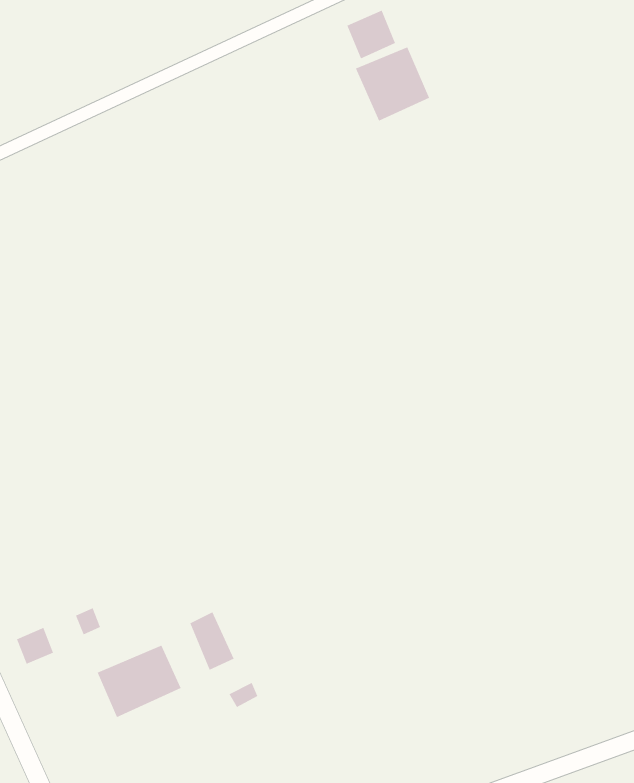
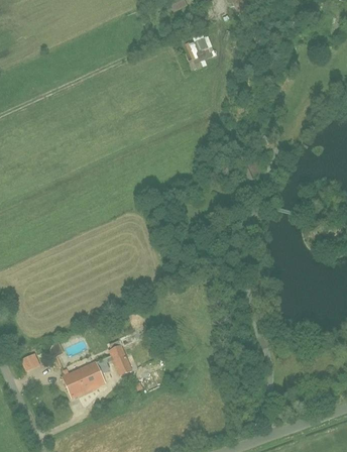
building: [355,46,430,122] -> none

